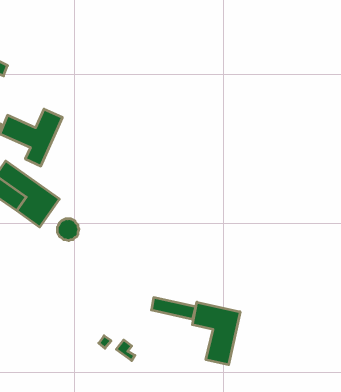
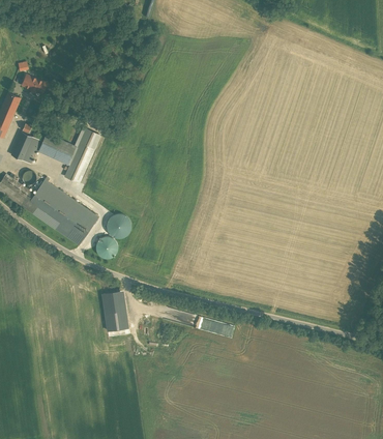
building: none -> [107,213,131,238]
building: none -> [101,290,129,330]
building: [192,302,240,365] -> none

